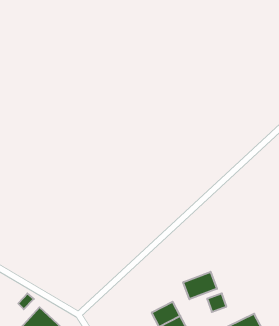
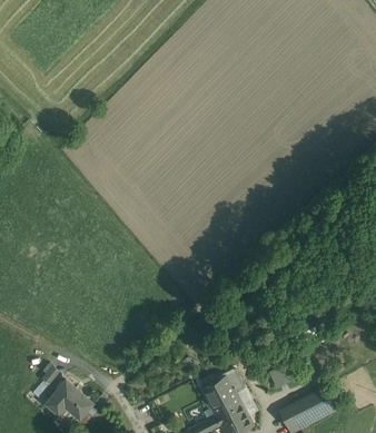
building: [183,272,217,299] -> none

